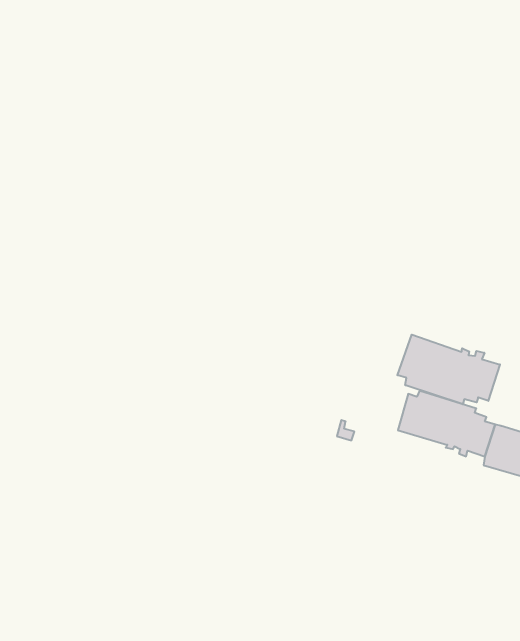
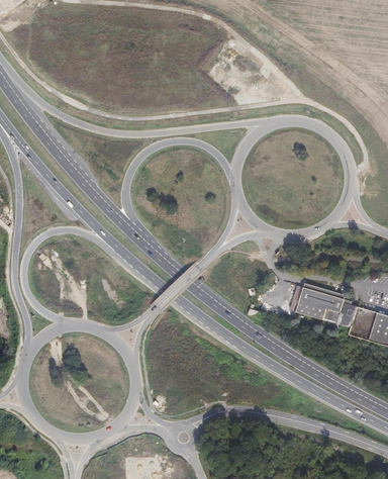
building: [397,335,500,404] -> none

